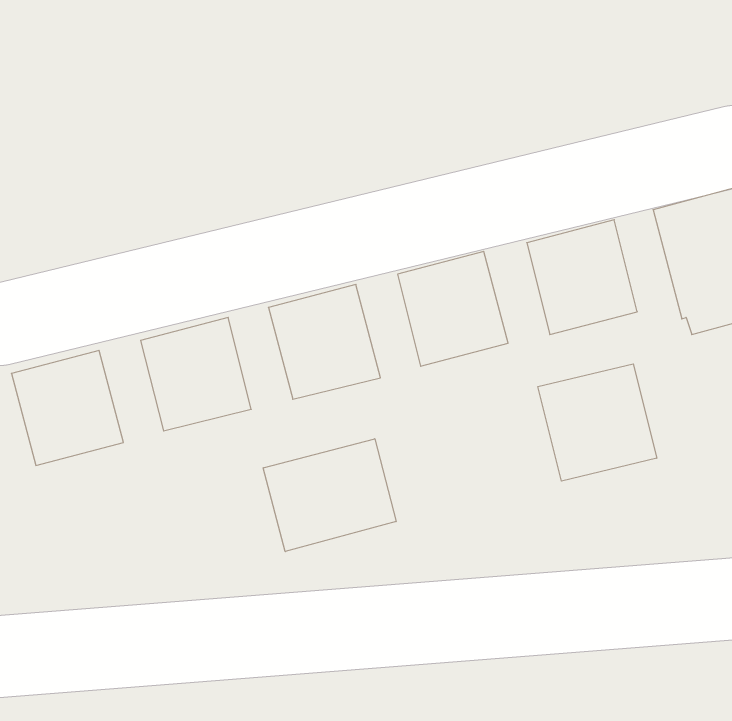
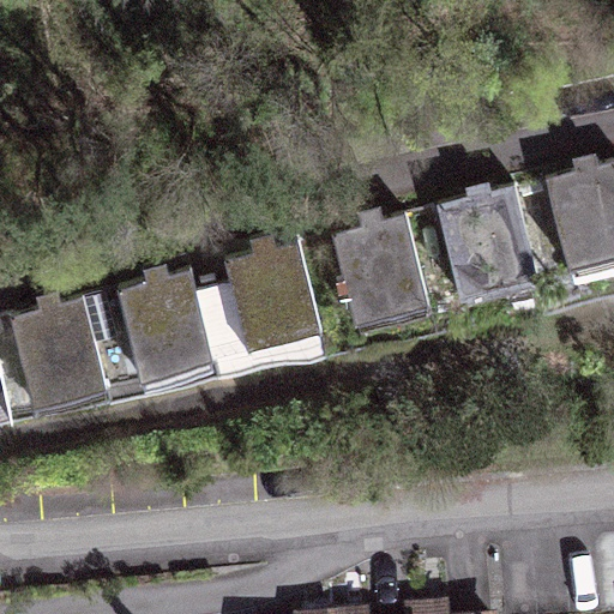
building: [538,364,657,481] -> none
building: [263,439,396,552] -> none

